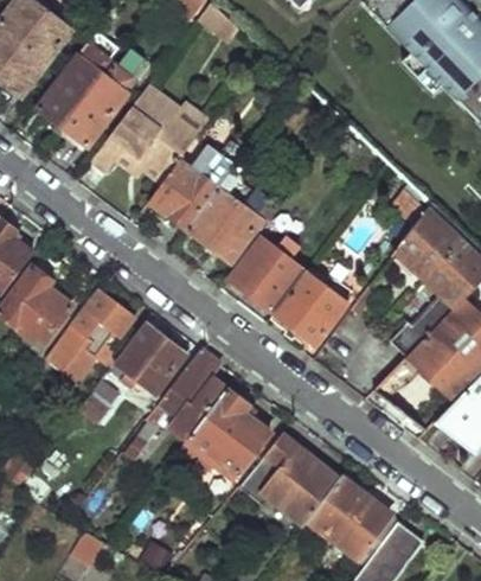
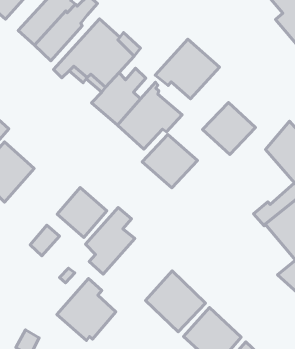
building: none -> [155,39,219,99]
building: [272,272,347,345] -> [203,102,256,155]
building: [47,289,136,379] -> none
building: [186,389,269,477] -> [57,279,116,340]

